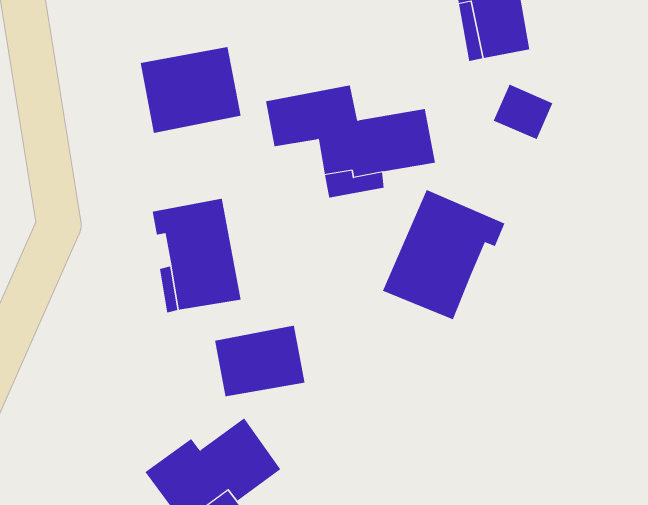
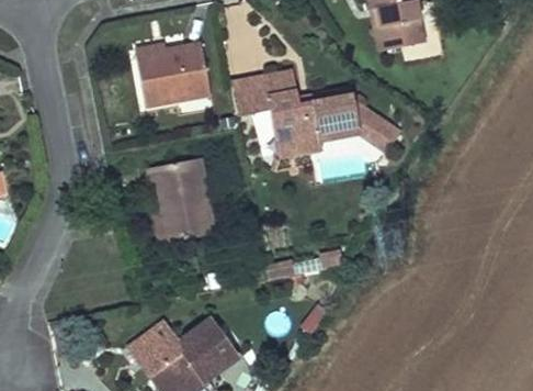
building: [493,84,553,140] -> [360,107,405,148]
building: [382,189,505,320] -> none
building: [215,325,305,397] -> none

